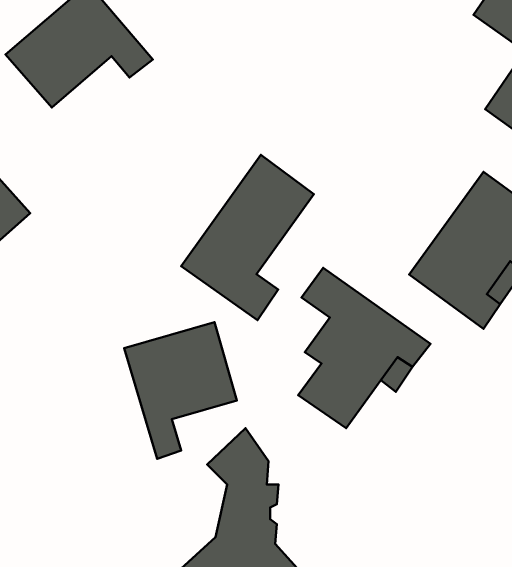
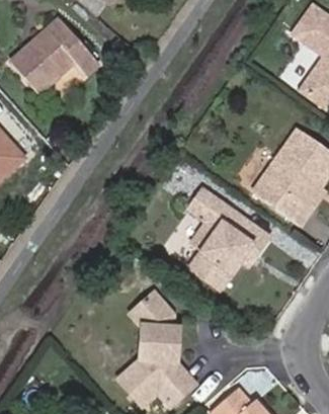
building: [181,155,314,320] -> none
building: [124,322,237,459] -> none

